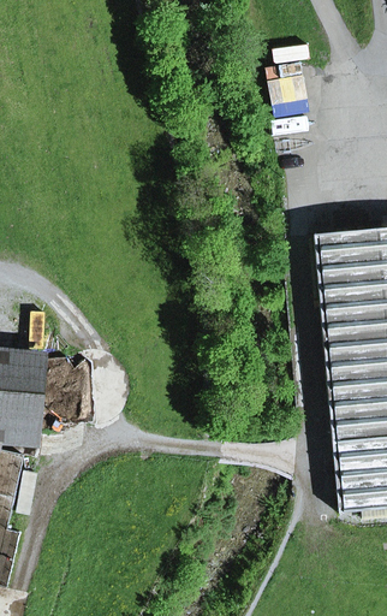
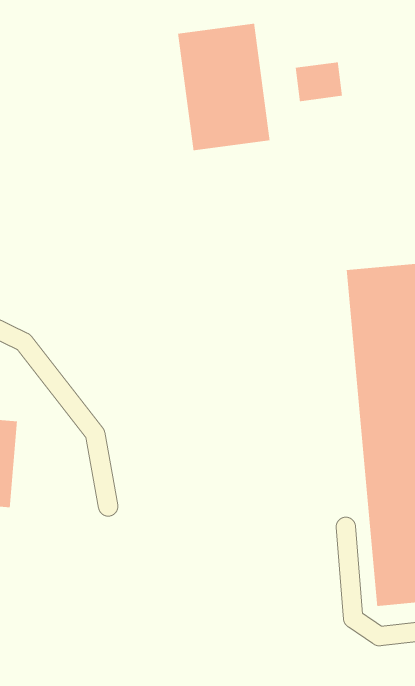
building: none -> [177,23,270,151]

